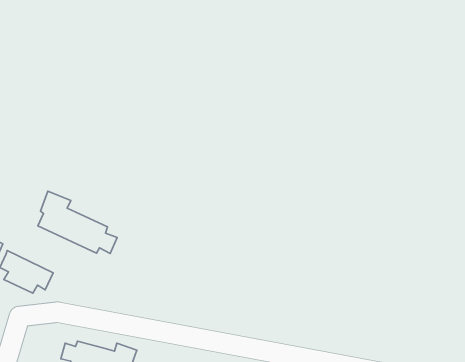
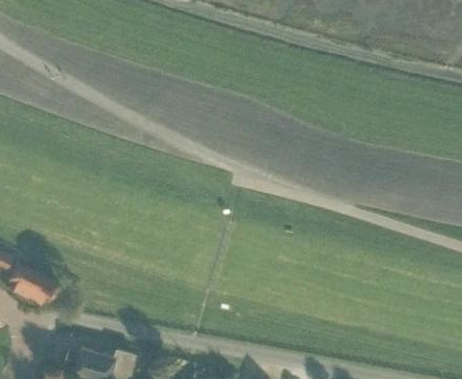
building: [38,191,117,253] -> none

